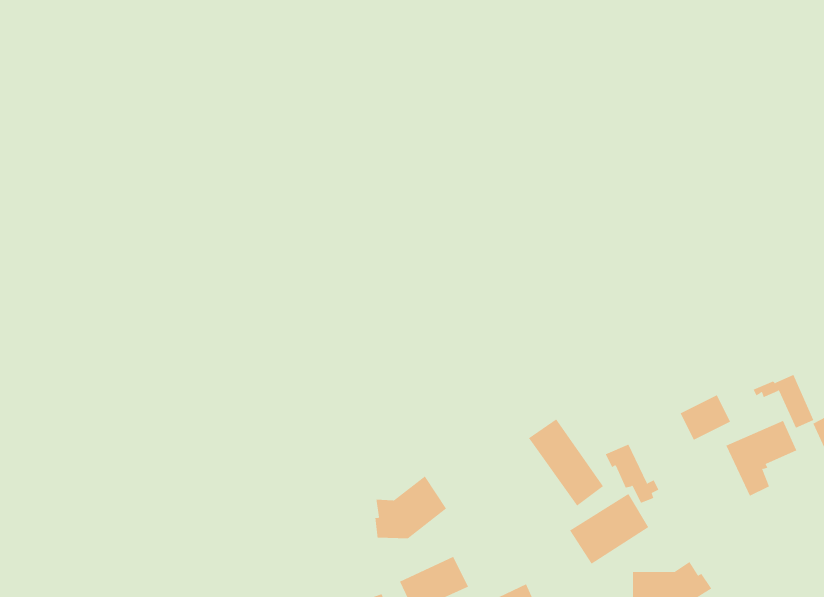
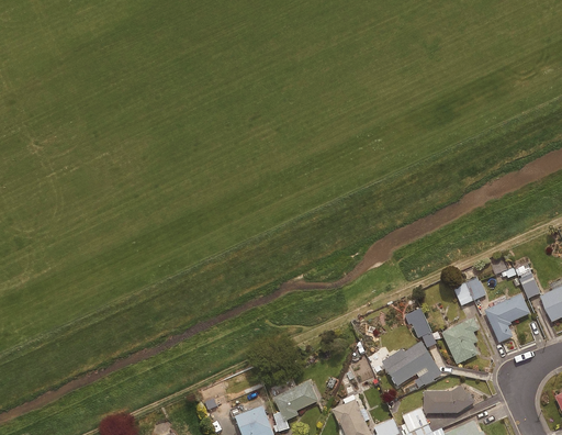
building: [528,419,604,507] -> none
building: none -> [441,317,479,364]
building: [375,475,447,539] -> none

